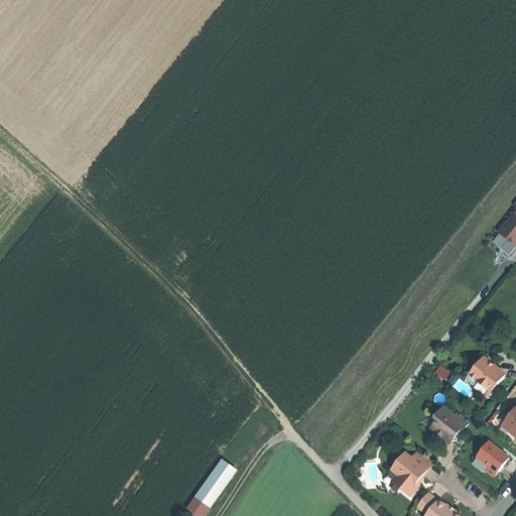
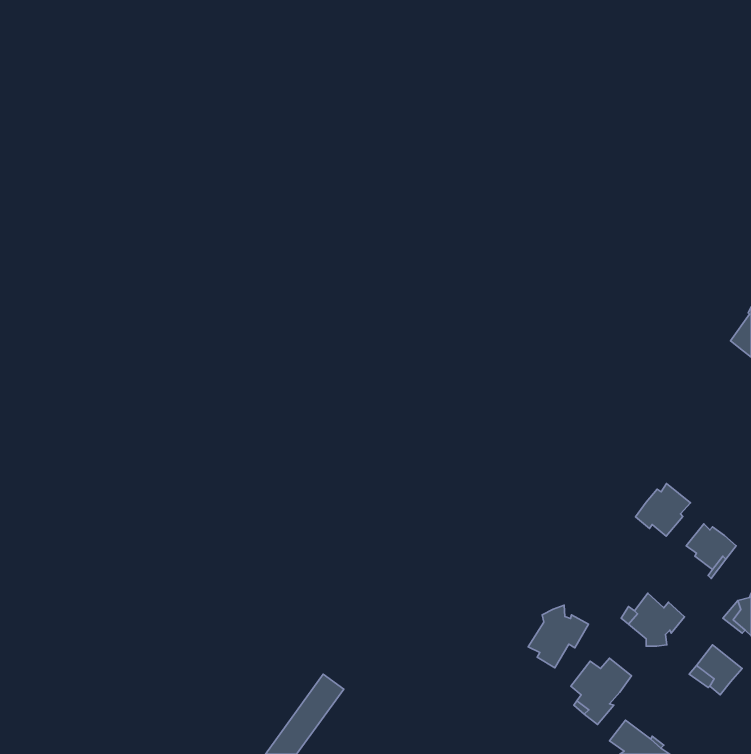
building: none -> [636,484,690,536]
building: none -> [528,605,589,668]

